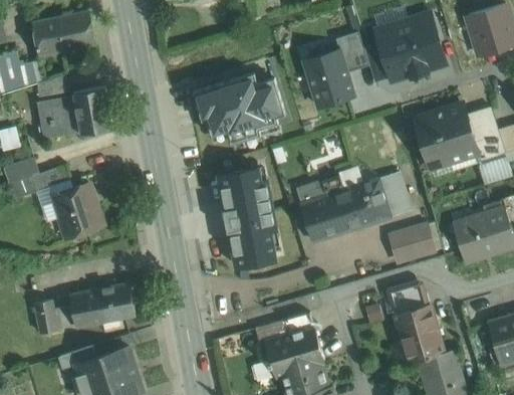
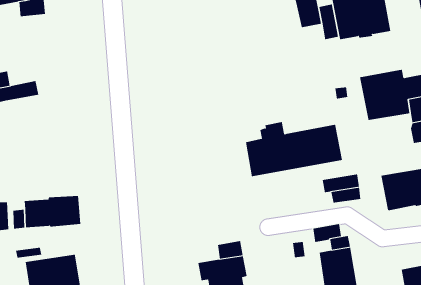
building: [304,49,353,106] -> none
building: [193,72,285,144] -> none
building: [36,86,111,139] -> none
building: [219,168,276,266] -> none
building: [52,184,102,236] -> none

